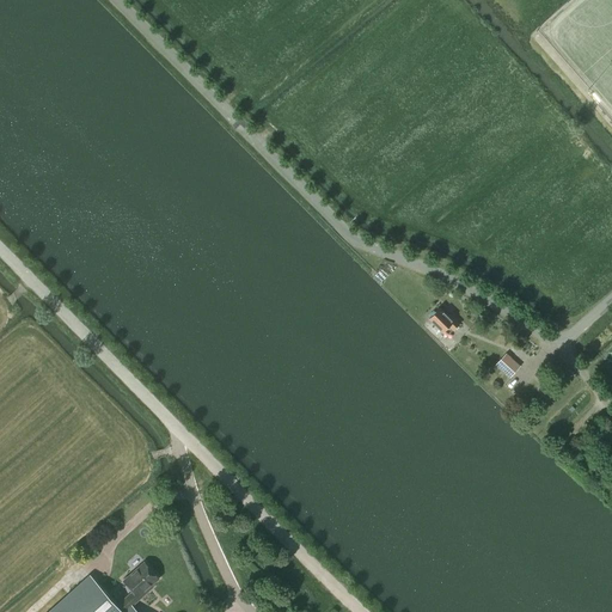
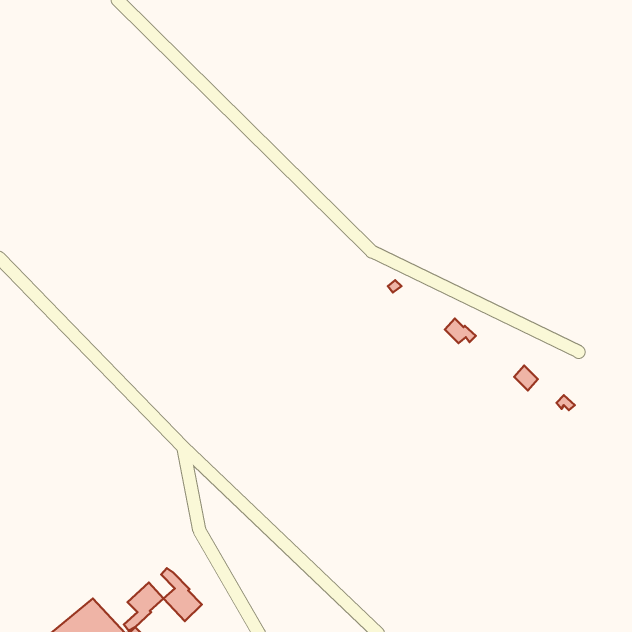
building: none -> [161,568,202,621]

